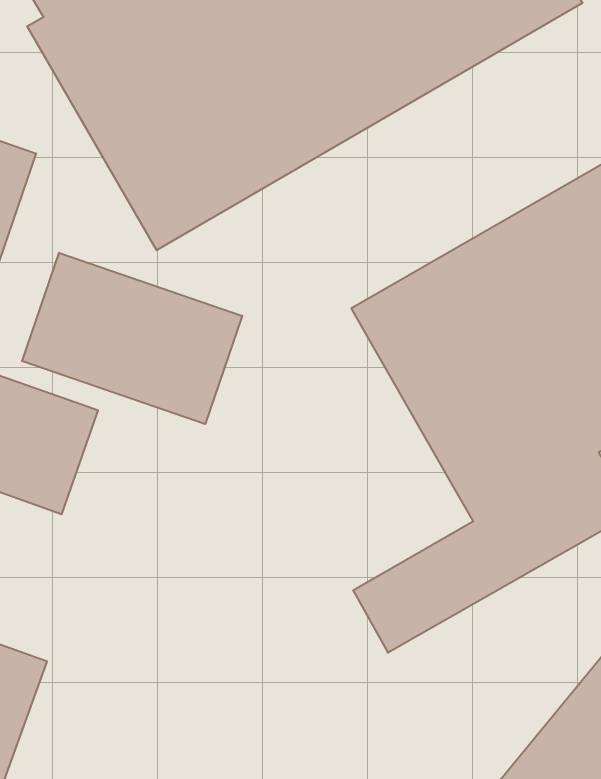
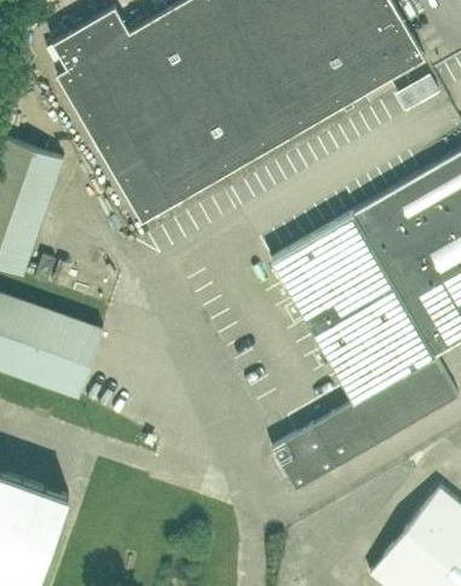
building: [22,253,242,424] -> none

